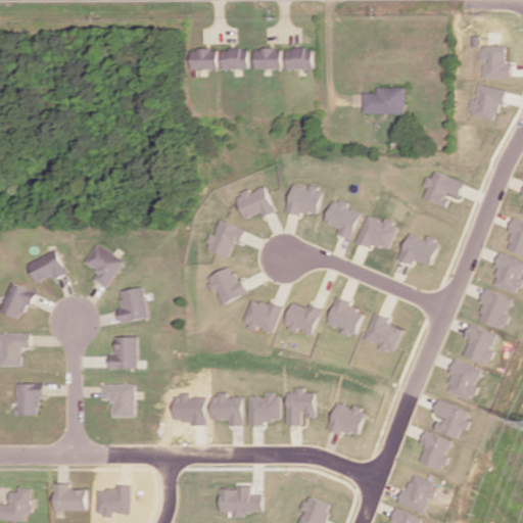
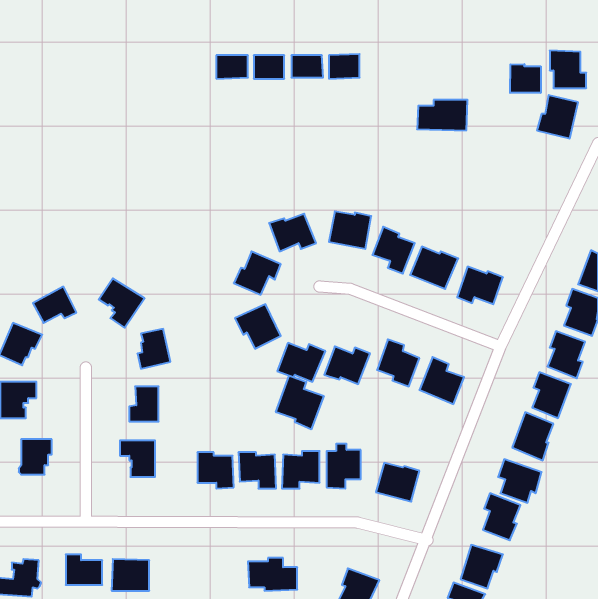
building: none -> [510,64,541,93]
building: [421,171,463,207] -> none
building: none -> [276,376,324,429]

